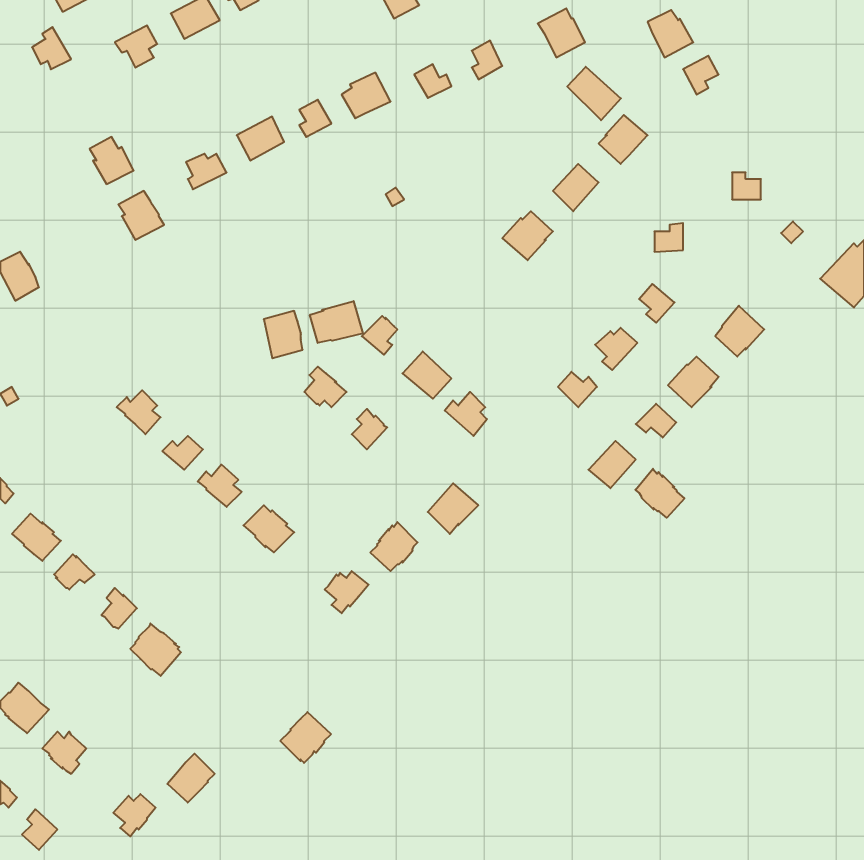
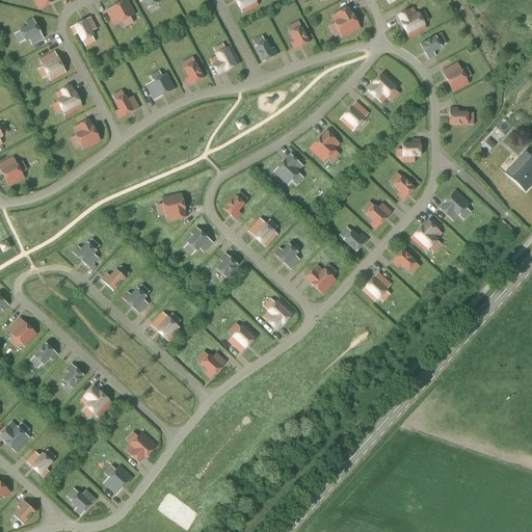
building: [567,67,621,120] -> none
building: none -> [38,50,65,79]
building: none -> [442,61,469,90]
building: none -> [273,153,302,184]
building: [310,301,363,343] -> none
building: none -> [305,263,337,293]
building: [635,469,684,518] -> none
building: [280,712,331,763] -> [125,430,156,461]

